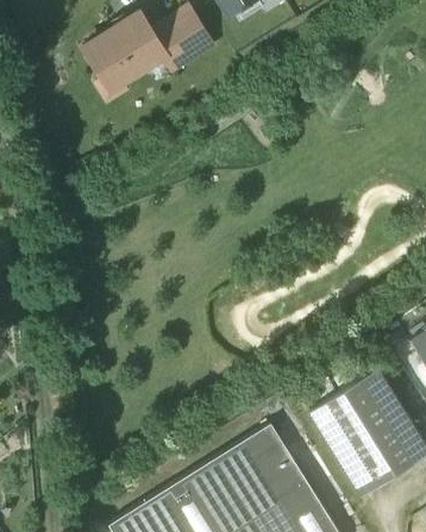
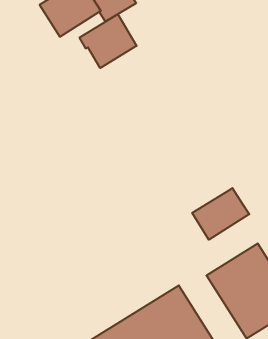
building: none -> [80,14,137,68]
building: none -> [192,188,249,240]

